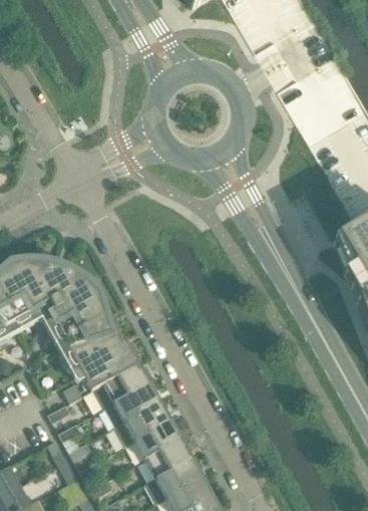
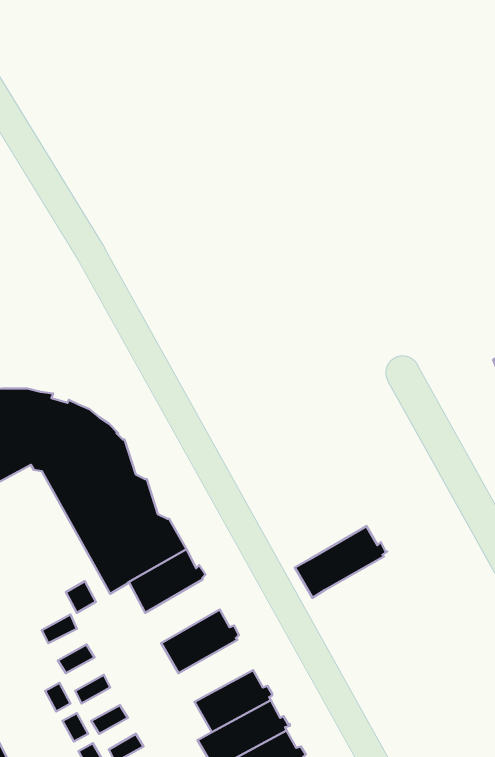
building: [102,378,160,424] -> [295,526,387,598]
building: [132,417,181,456] -> none

